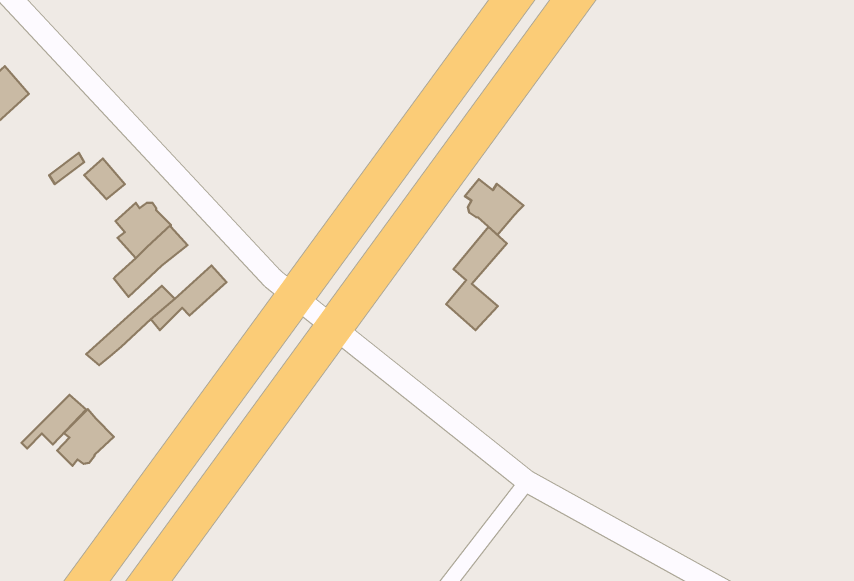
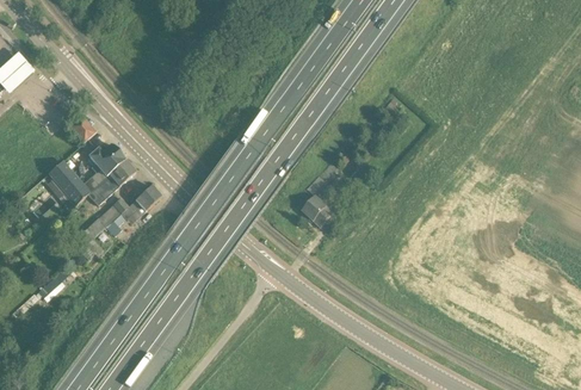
building: [465,179,523,235] -> none
building: none -> [48,161,88,203]
building: [57,409,114,466] -> none

